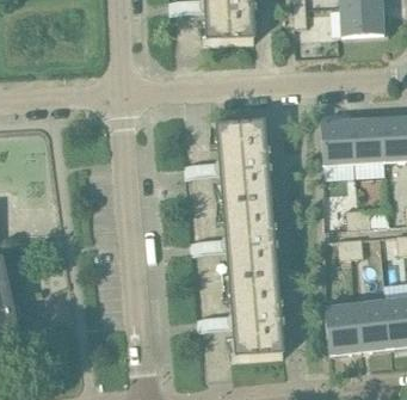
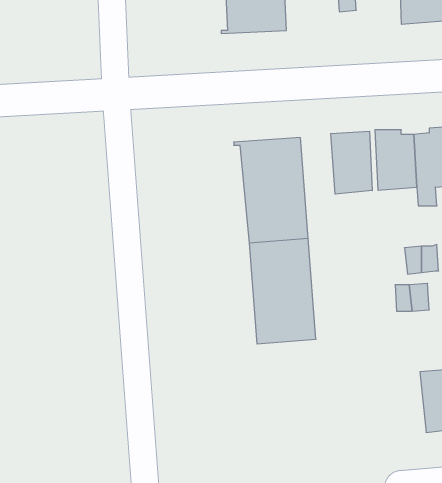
building: none -> [331,131,372,194]
building: [323,266,359,353] -> none
building: [229,278,282,359] -> none

